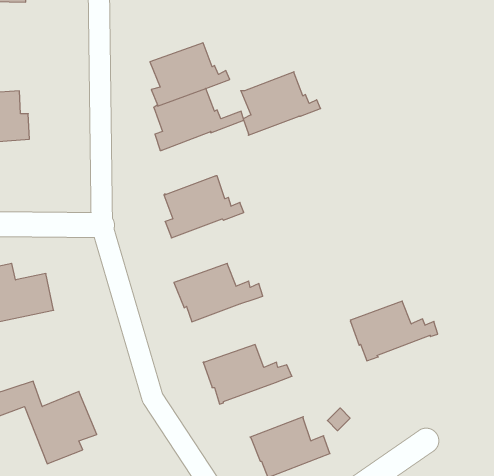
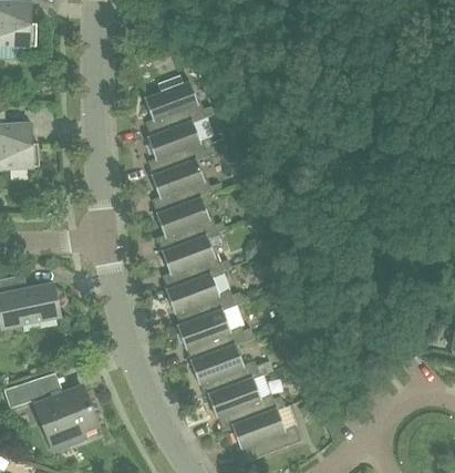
building: [241,72,321,135] -> [149,158,219,214]
building: none -> [161,235,229,289]
building: none -> [176,305,254,360]
building: [350,301,438,361] -> [207,378,283,430]

